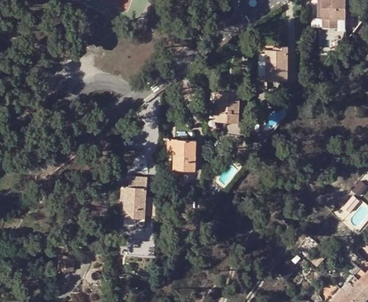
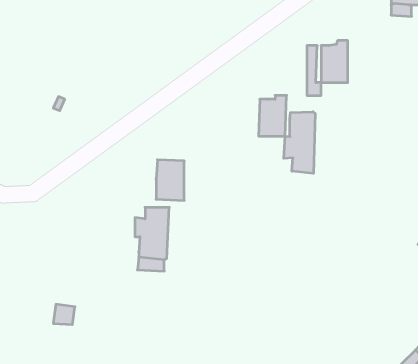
building: none -> [284,112,315,173]
building: [173,139,195,171] -> [156,160,184,200]

